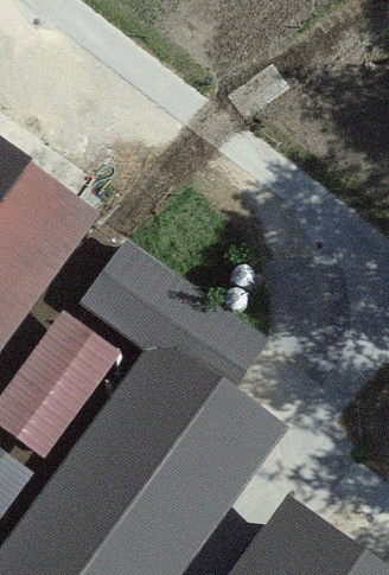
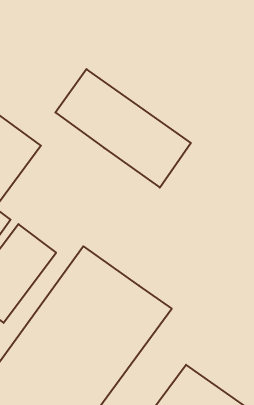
building: [81,244,261,402] -> [55,69,191,188]

